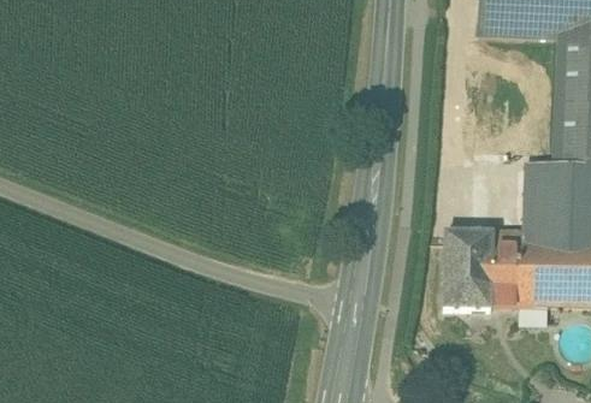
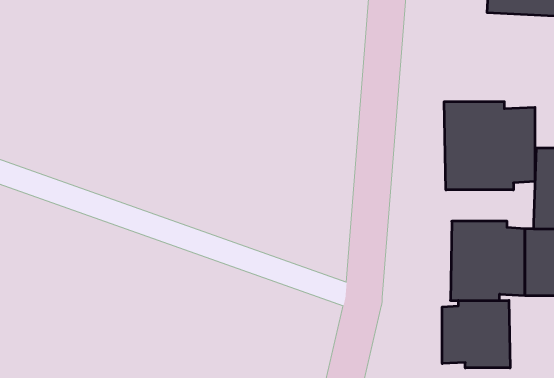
building: none -> [444,102,535,190]
building: none -> [442,300,510,368]

